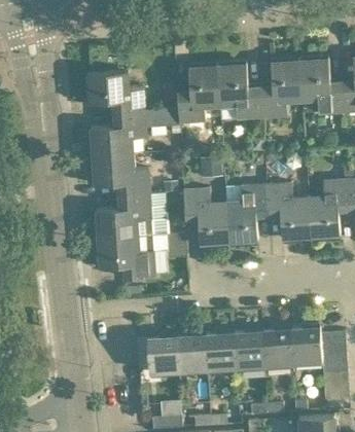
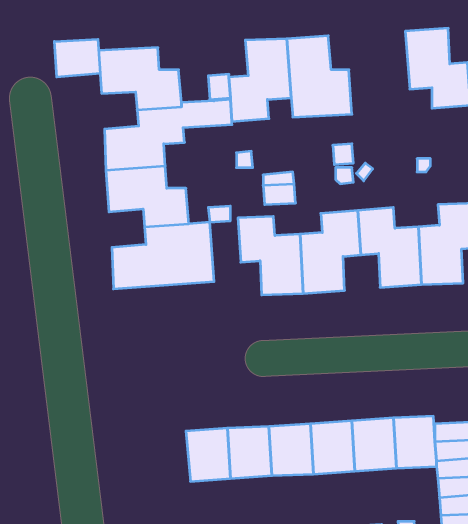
building: [260,61,303,118] -> none
building: none -> [54,39,100,77]
building: [97,235,186,280] -> none

